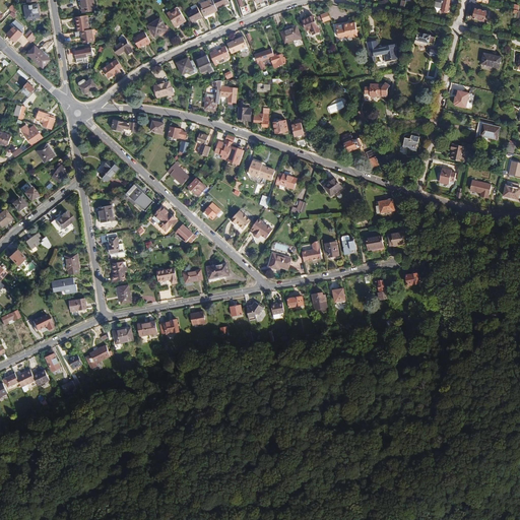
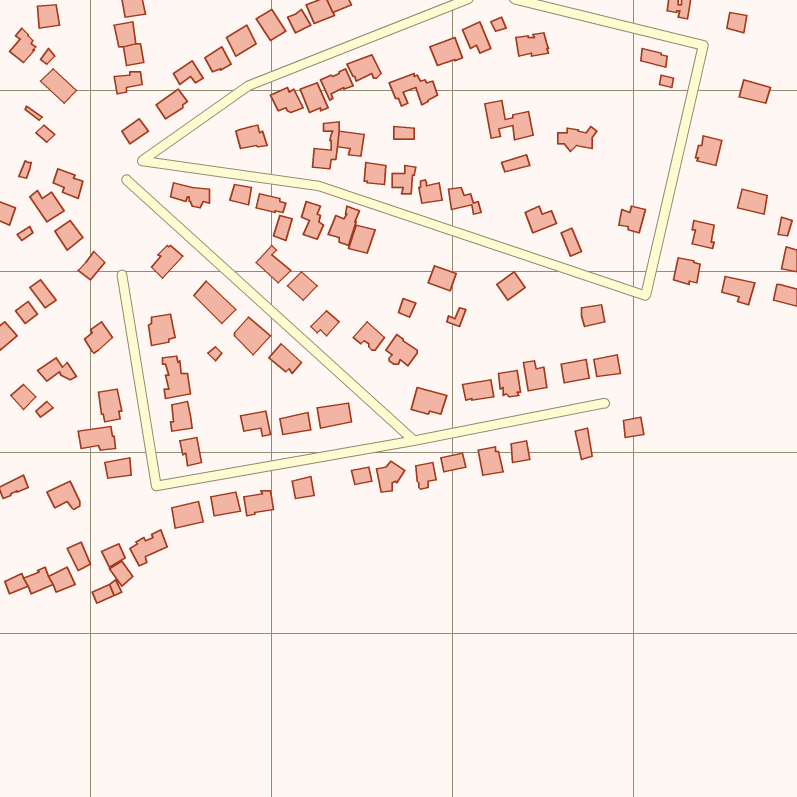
building: [365,36,396,61] -> [485,101,533,140]
building: [240,157,274,179] -> none

